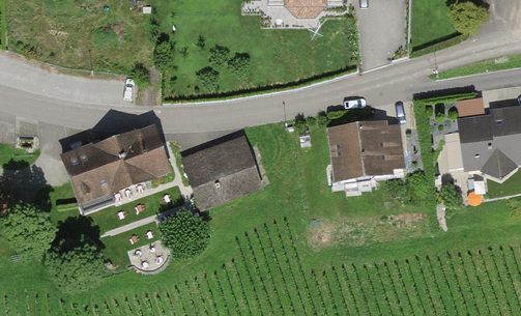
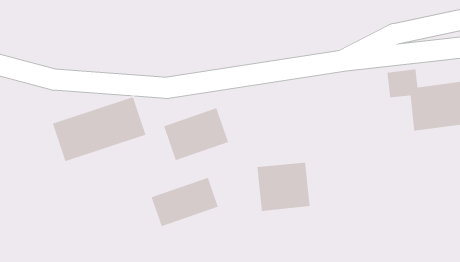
building: [328,120,388,176] -> [257,162,310,212]
building: none -> [151,177,219,227]

